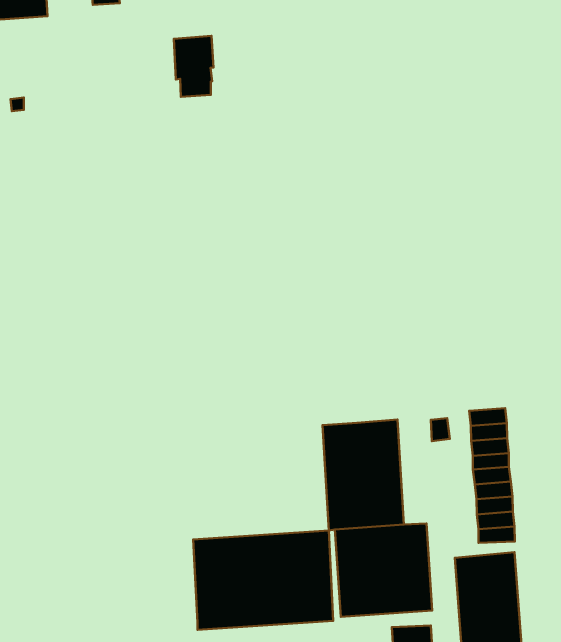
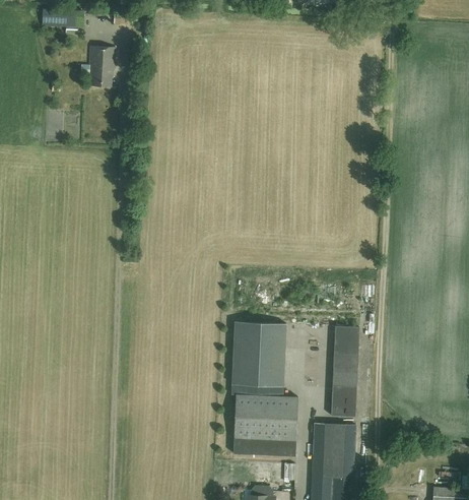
building: [174,36,214,97] -> [89,46,117,86]
building: [193,530,333,630] -> none

